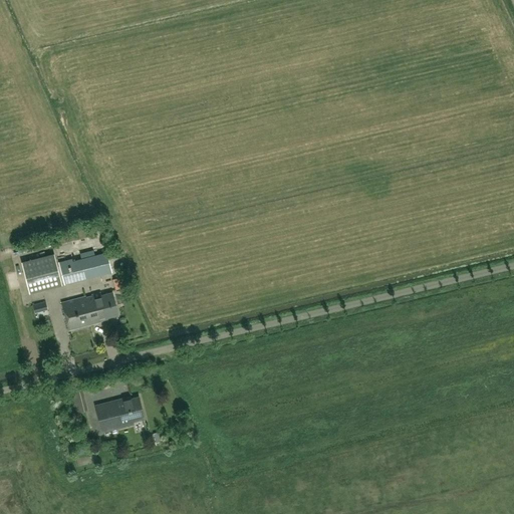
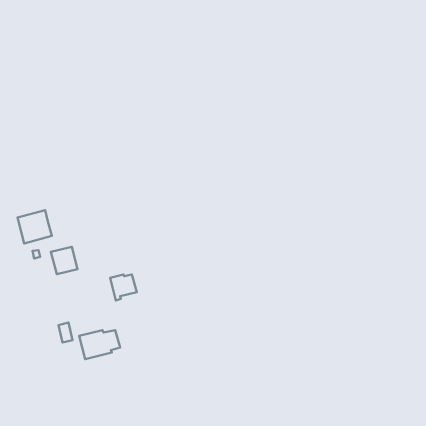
building: [58,253,111,284] -> none
building: [86,293,118,324] -> [110,275,137,300]

